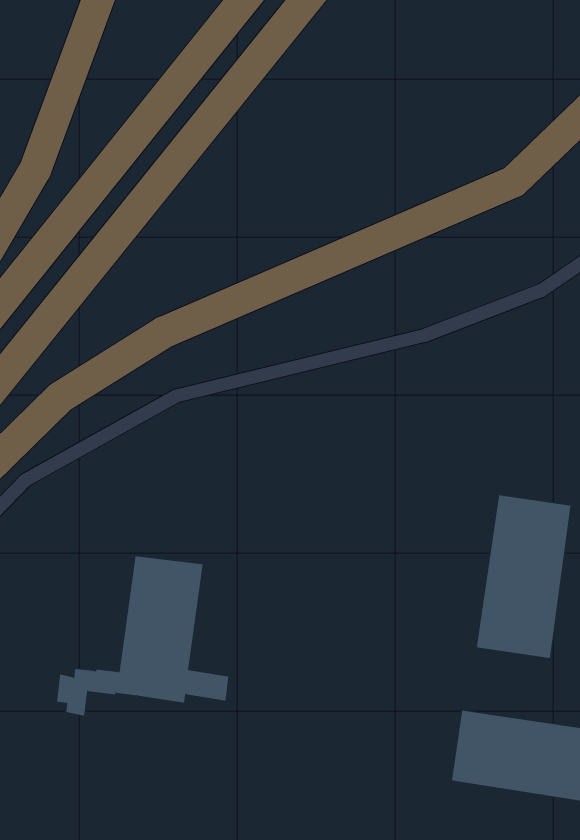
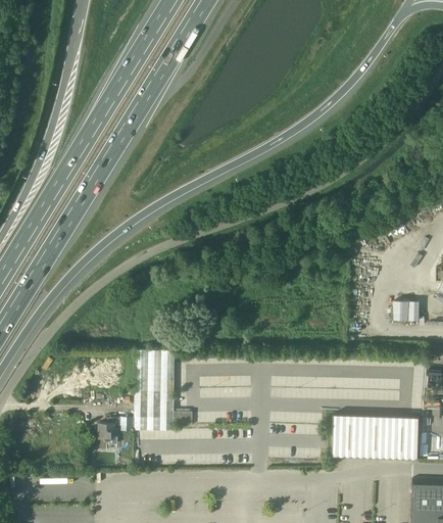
building: [476,495,571,659] -> none

